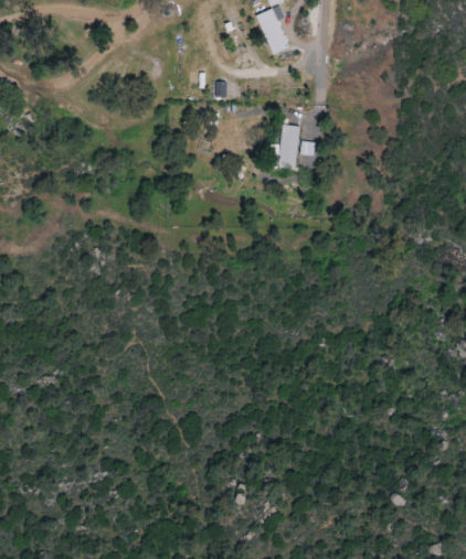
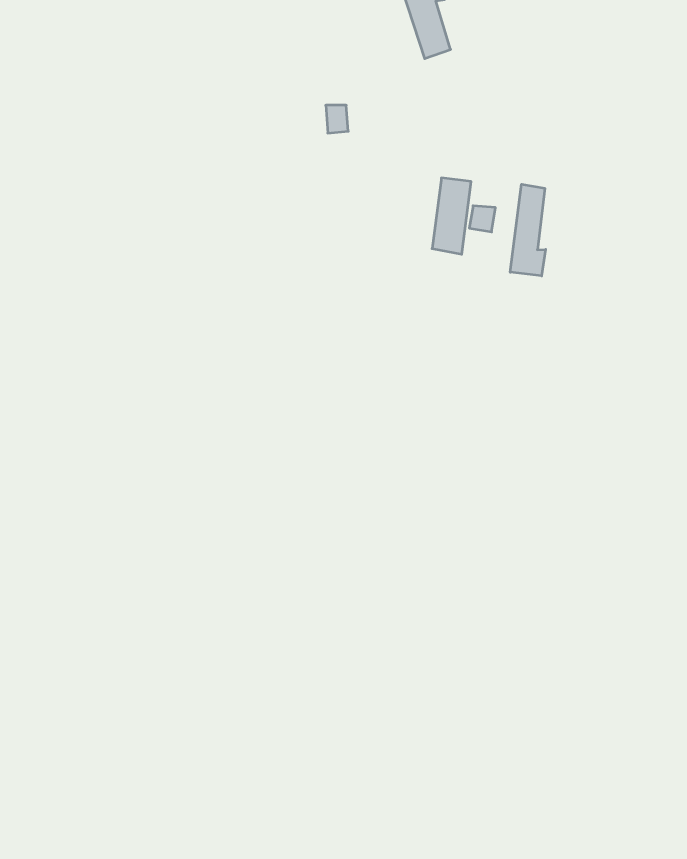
building: none -> [510,184,546,276]

